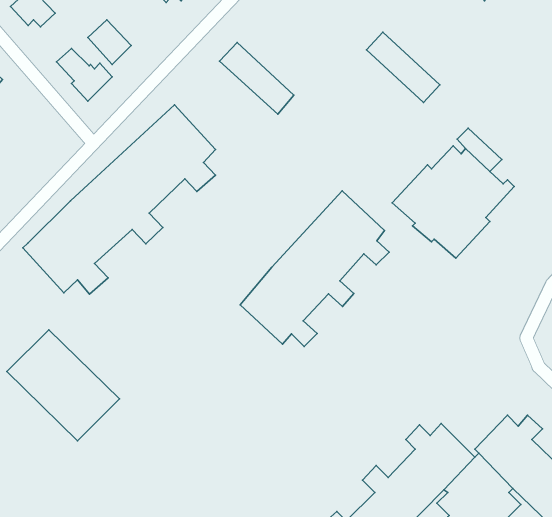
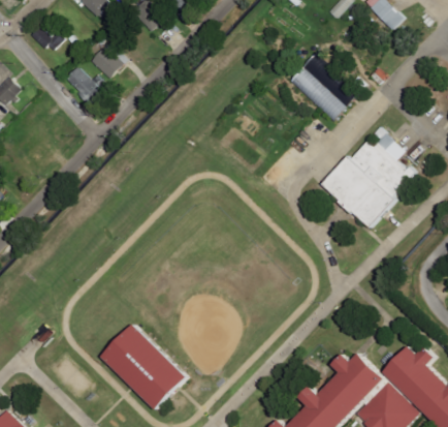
building: [219,42,294,114] -> [287,67,344,122]
building: [23,105,216,294] -> none
building: [240,191,389,346] -> none
building: [7,330,119,441] -> [100,324,186,408]

